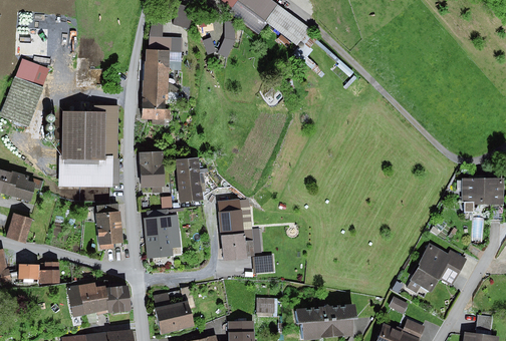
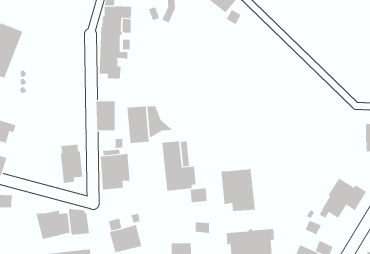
building: [59,105,117,186] -> none
building: none -> [221,168,255,212]
building: [37,261,58,283] -> none

